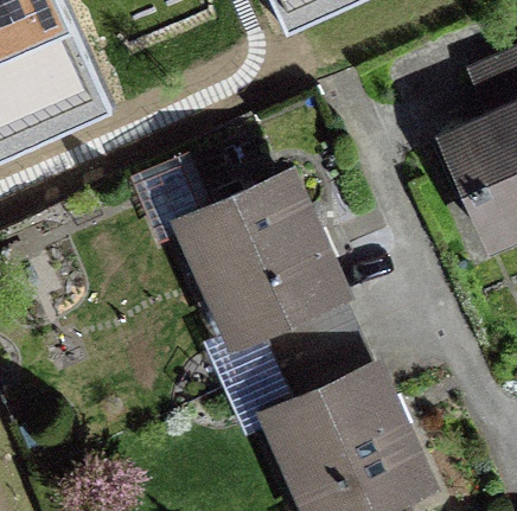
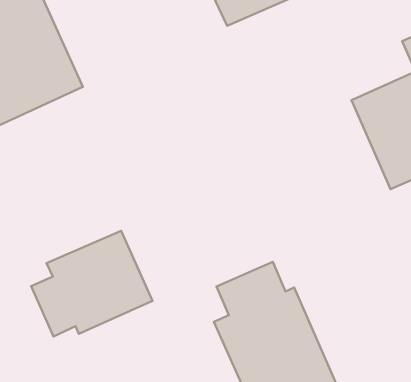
building: [187,174,345,365] -> none
building: none -> [31,231,153,336]

